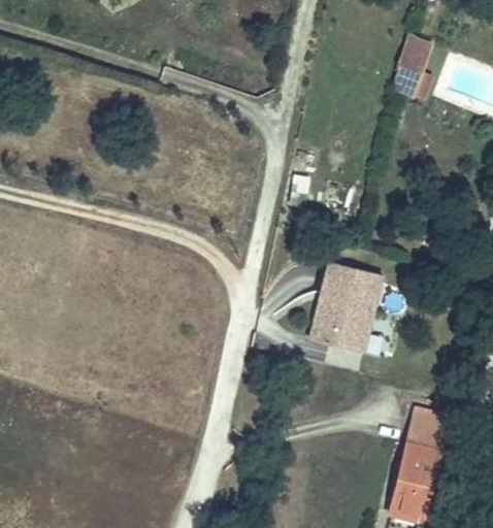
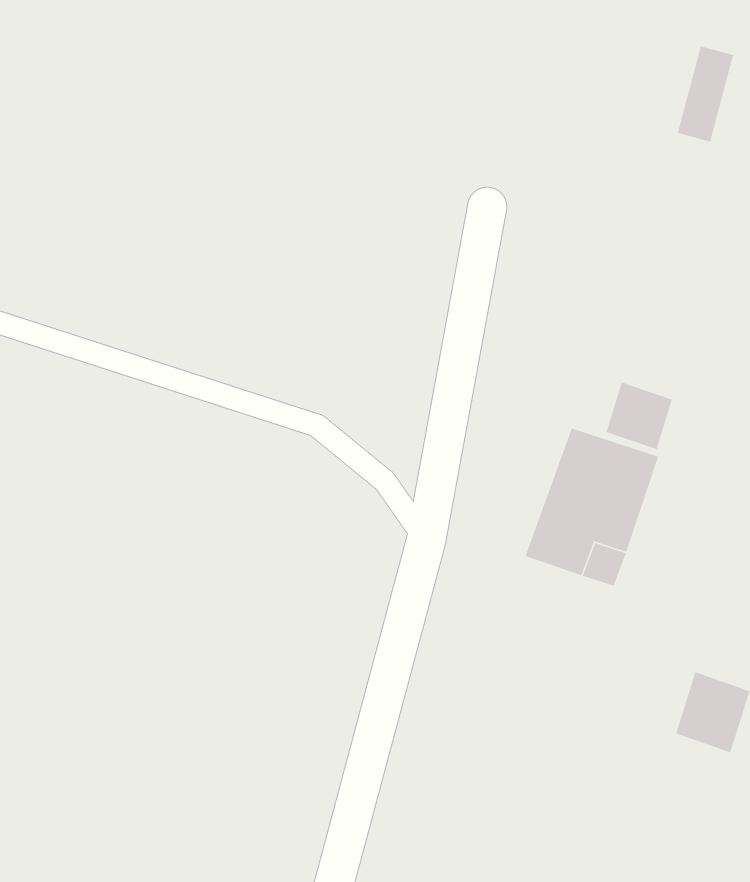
building: none -> [605,381,673,450]
building: [379,439,433,519] -> none

